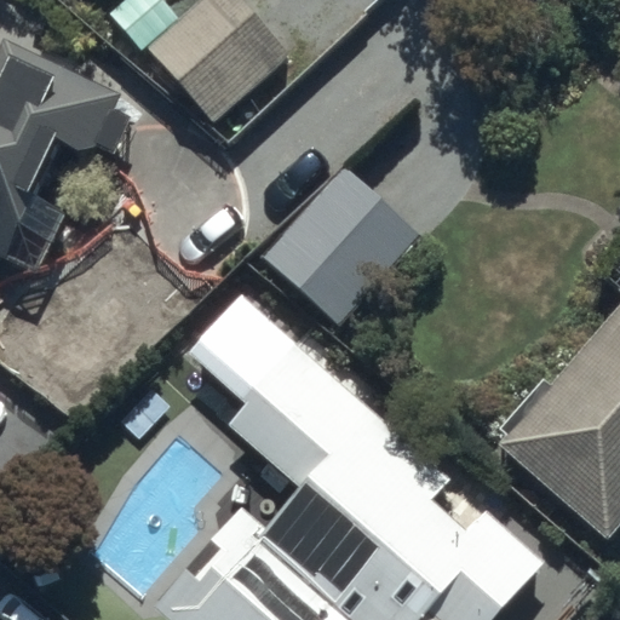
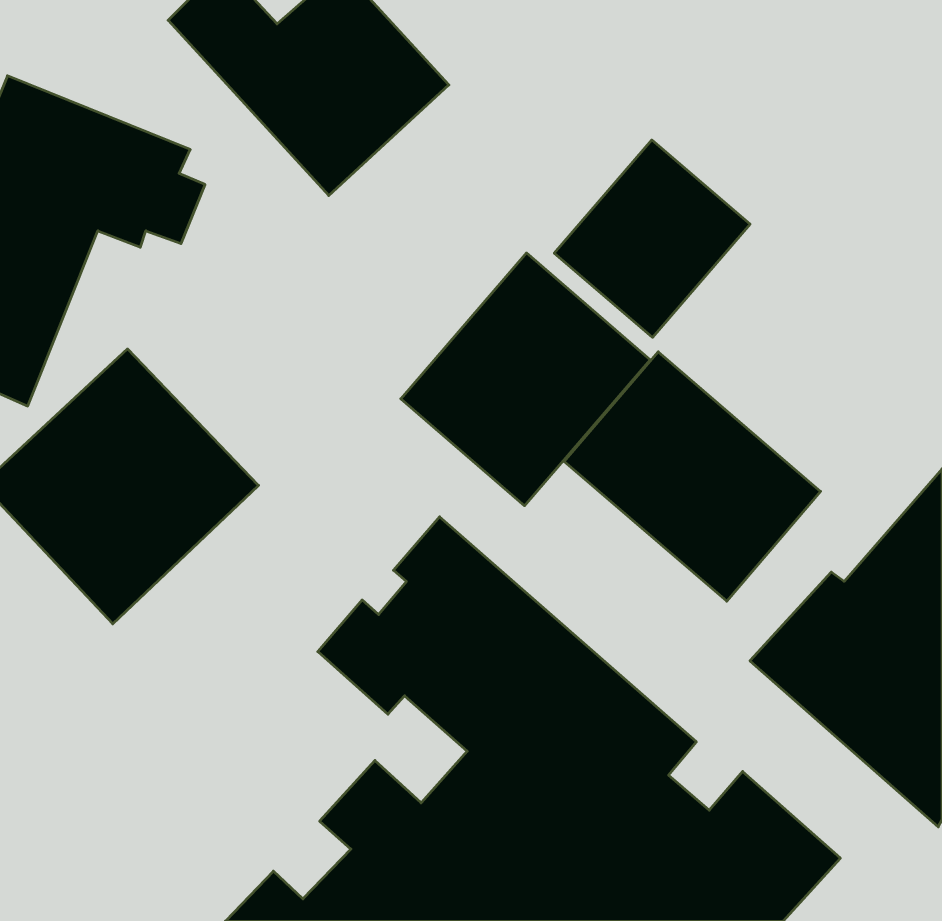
building: none -> [554,140,750,337]
building: none -> [564,352,821,601]

